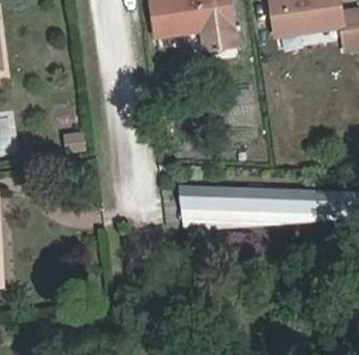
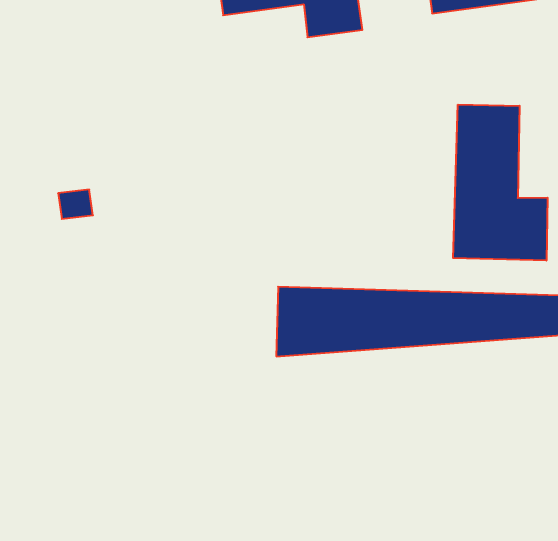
building: none -> [453,105,548,261]

